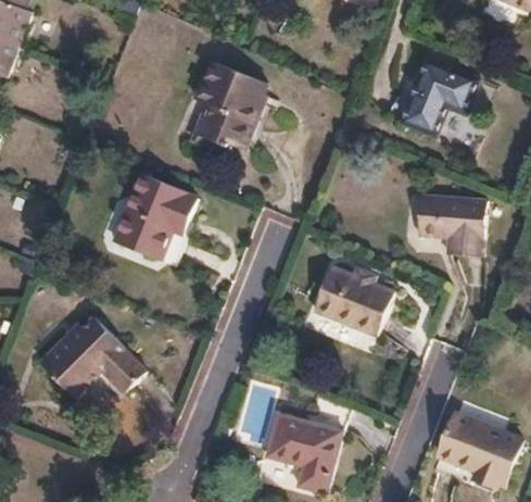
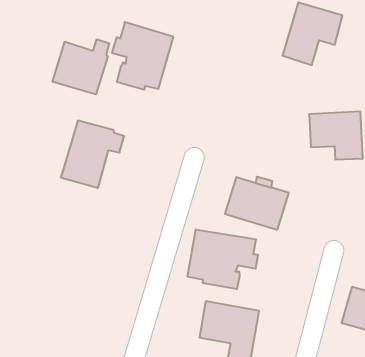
building: none -> [53,39,109,94]
building: none -> [188,229,258,289]
building: [38,323,142,401] -> none

